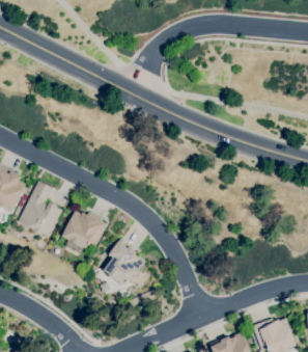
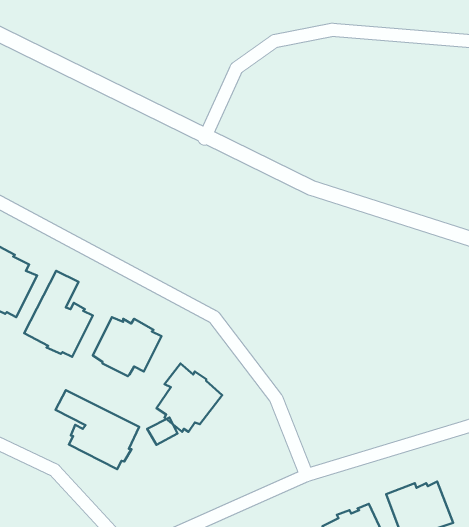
building: none -> [56,390,139,469]

